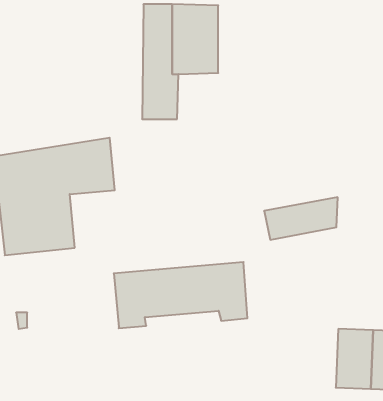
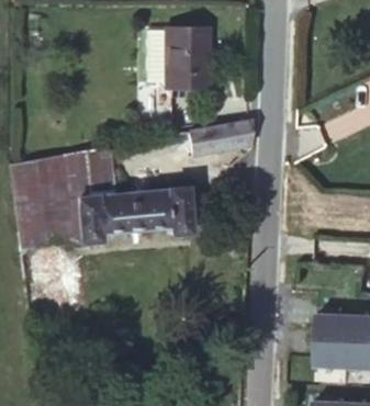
building: [264,197,338,240] -> [189,121,254,158]
building: [114,262,247,328] -> [78,185,195,244]

